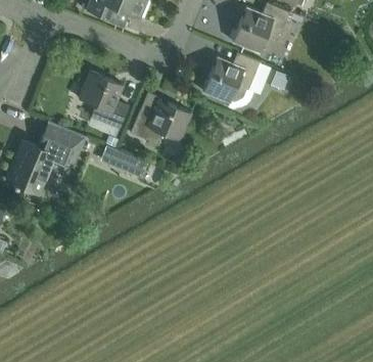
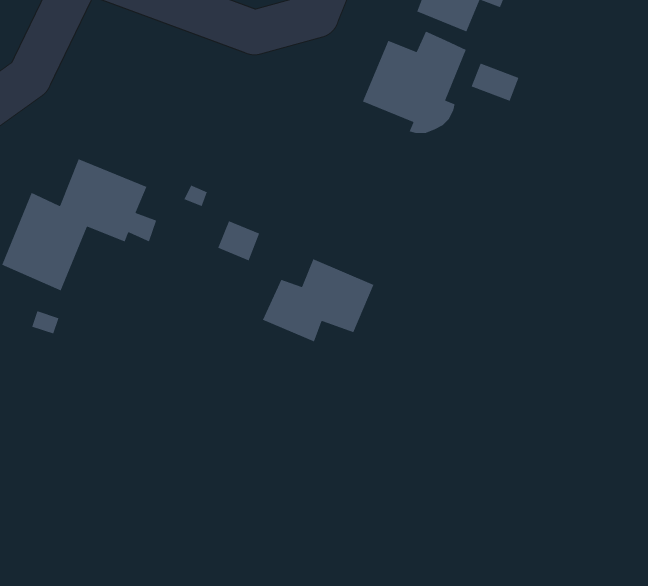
building: [78,71,128,129] -> none
building: [130,99,191,145] -> [262,258,375,343]

